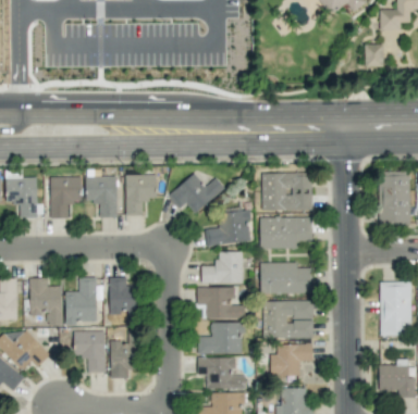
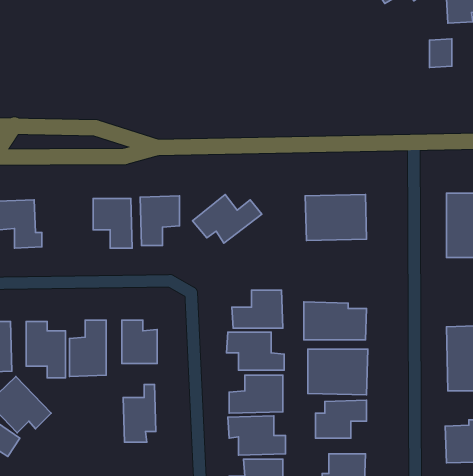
building: [49,176,82,218] -> none
building: [205,210,250,244] -> none
building: [259,216,311,249] -> none
building: [74,331,106,373] -> none

